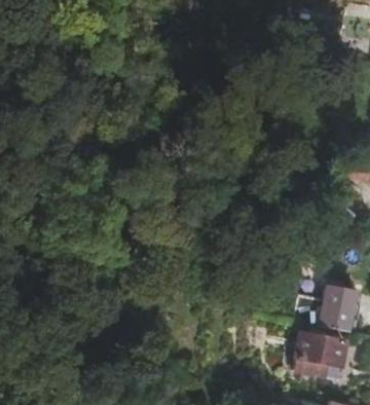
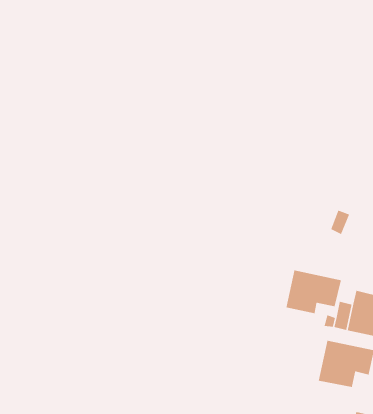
building: none -> [285,269,342,314]

